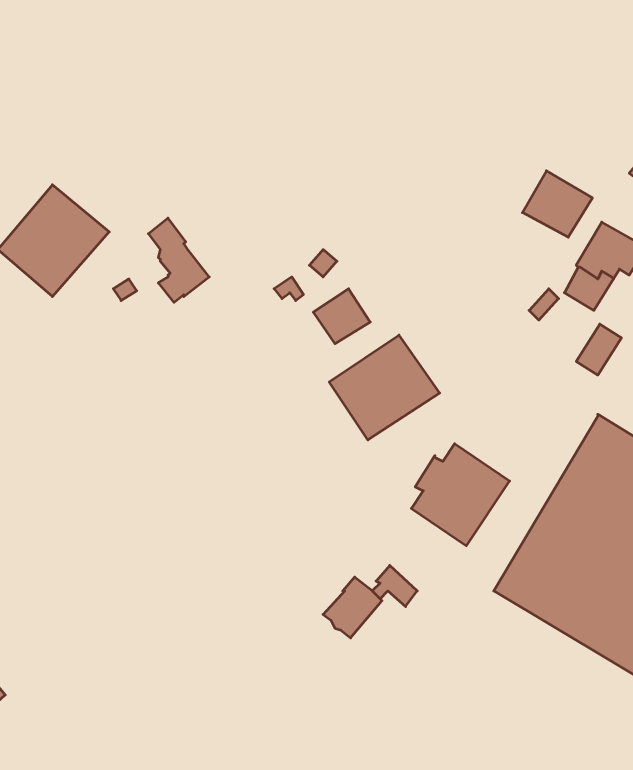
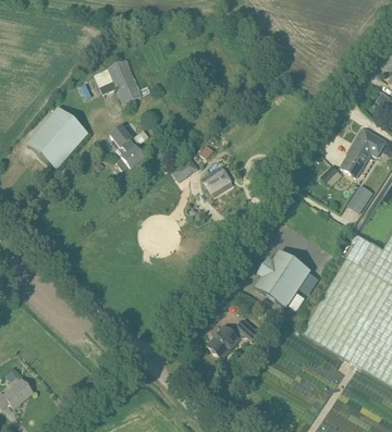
building: none -> [109,60,140,102]
building: [522,171,592,237] -> none
building: [329,335,440,440] -> none

